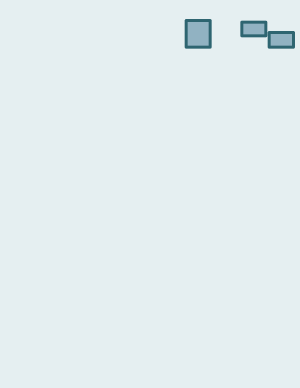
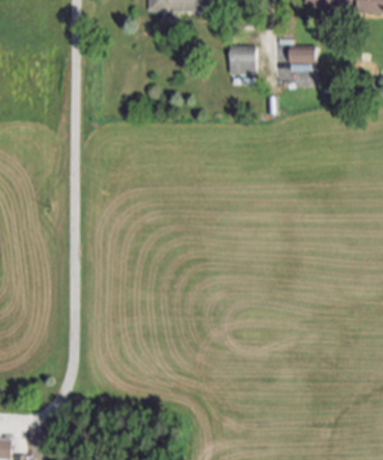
building: [269,33,293,47] -> none

